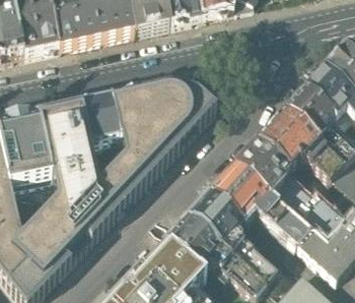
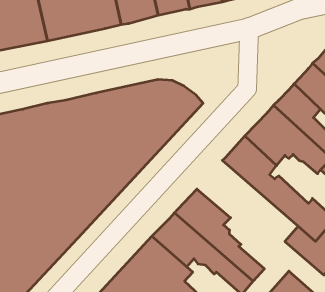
building: [209,162,309,242] -> none

